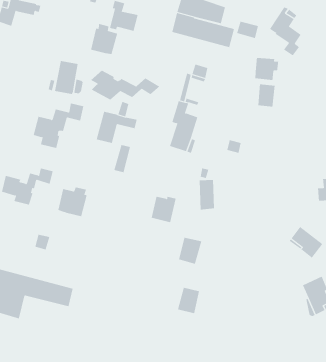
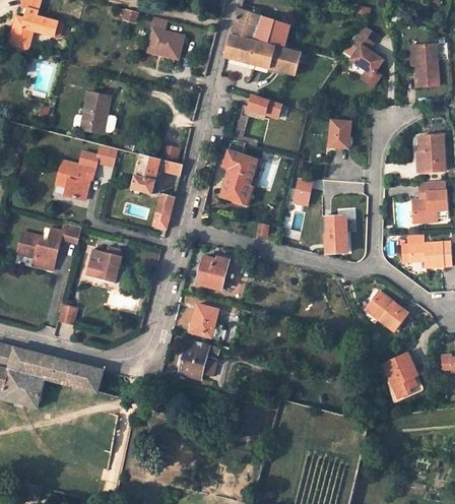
building: [237,21,259,39] -> none
building: [91,23,118,55] -> none
building: [255,57,279,81] -> none
building: [90,70,160,101] -> none
building: [199,179,215,210] -> [326,216,345,254]
building: [178,237,202,265] -> [190,304,219,337]
building: [177,287,200,314] -> [180,346,207,379]

